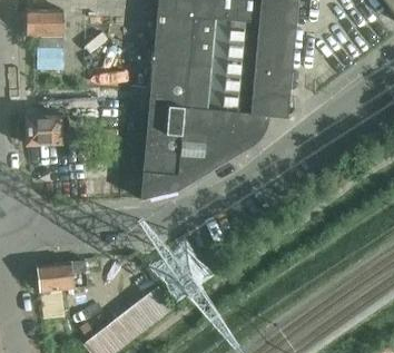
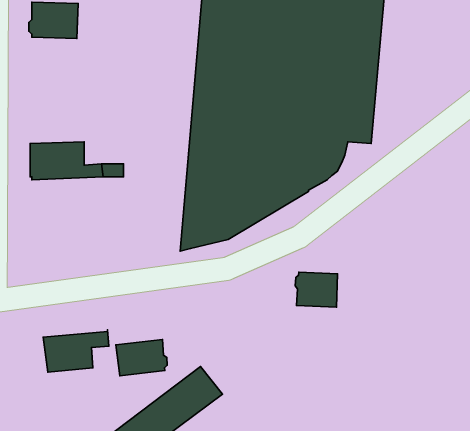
building: none -> [295,272,338,307]
building: none -> [116,340,167,376]

